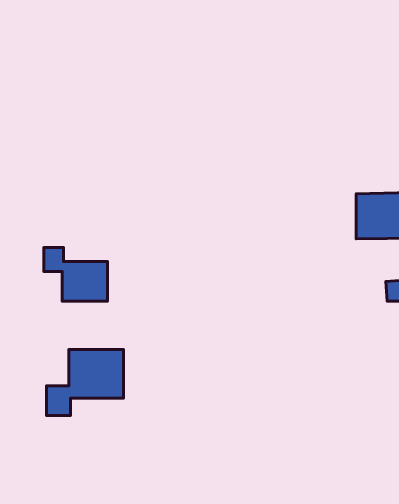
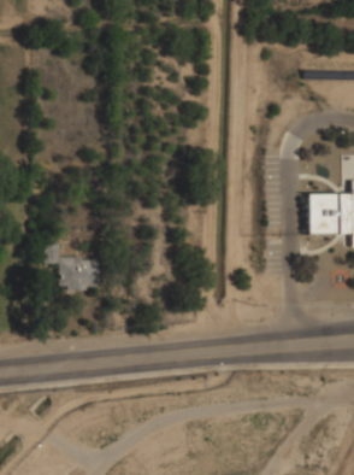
building: [46,350,124,415] -> none

